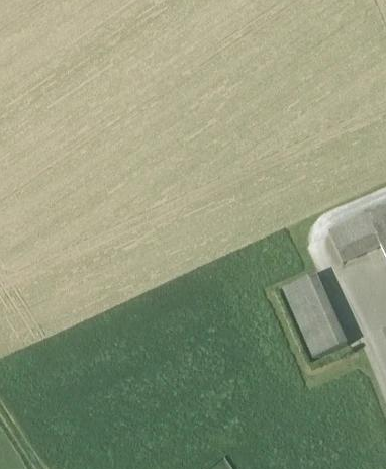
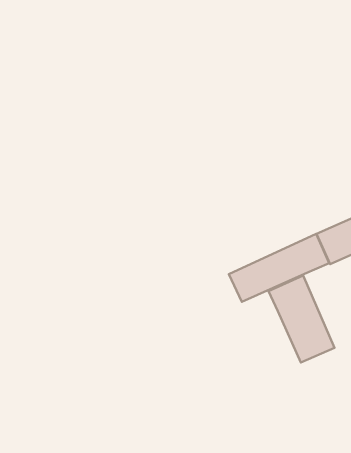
building: none -> [229,234,329,302]

